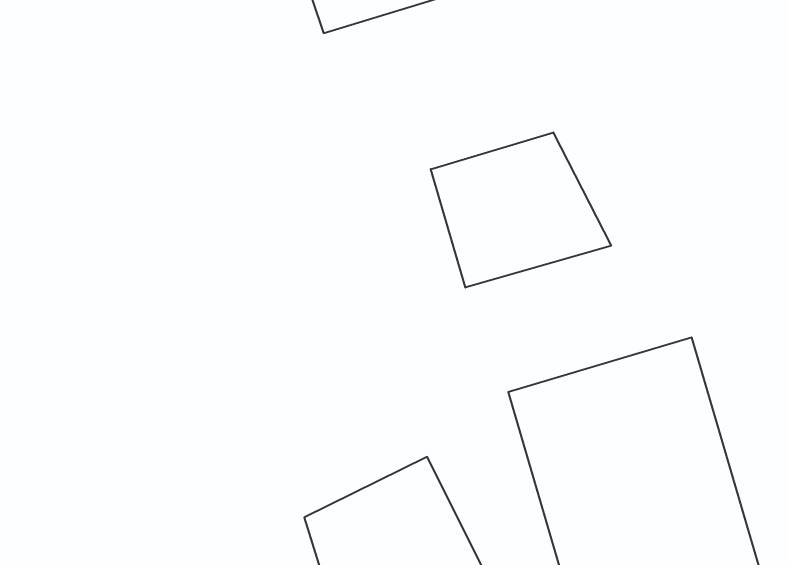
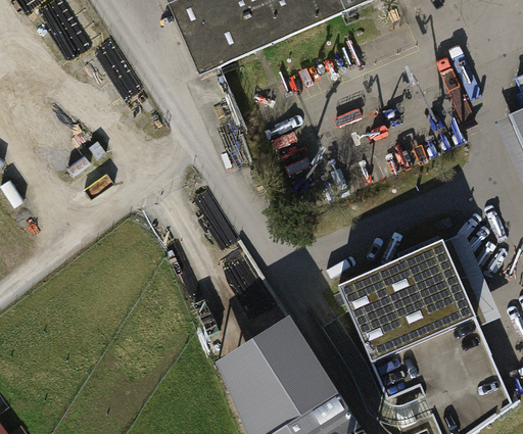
building: [431,132,611,288] -> none

